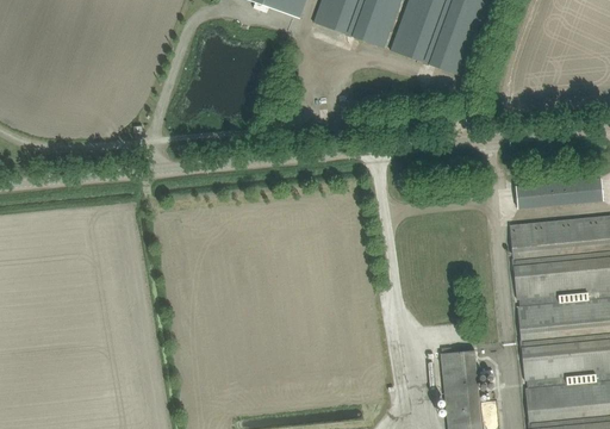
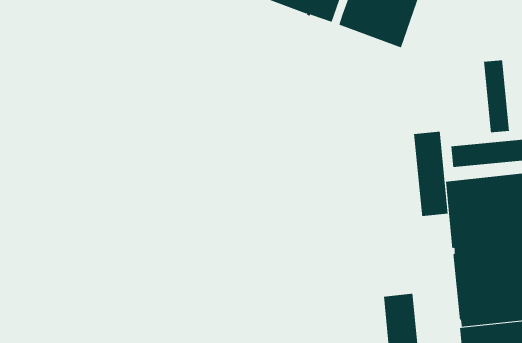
building: none -> [484,59,509,133]
building: none -> [414,131,448,217]

